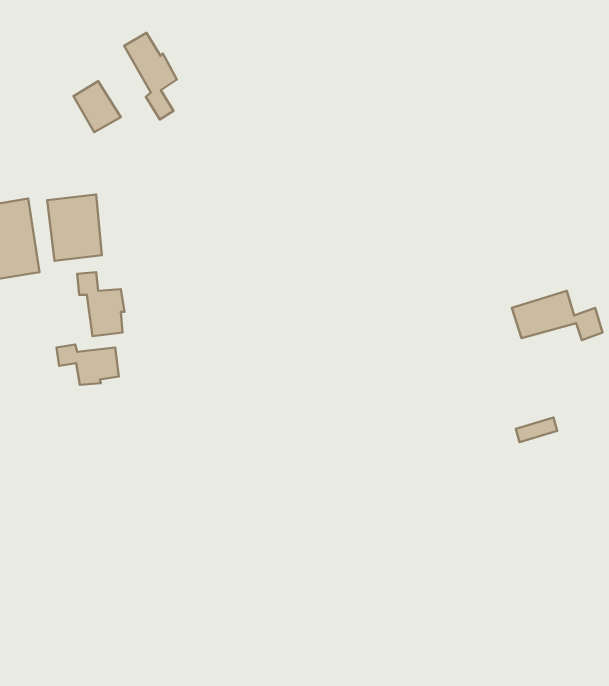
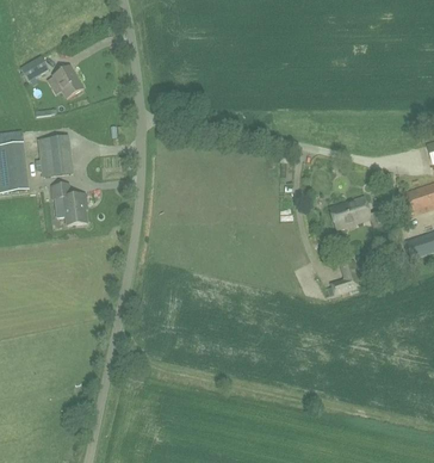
building: [124,33,177,120] -> none
building: [56,345,119,385] -> none

